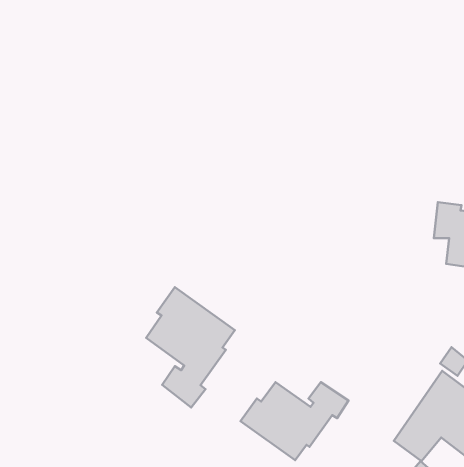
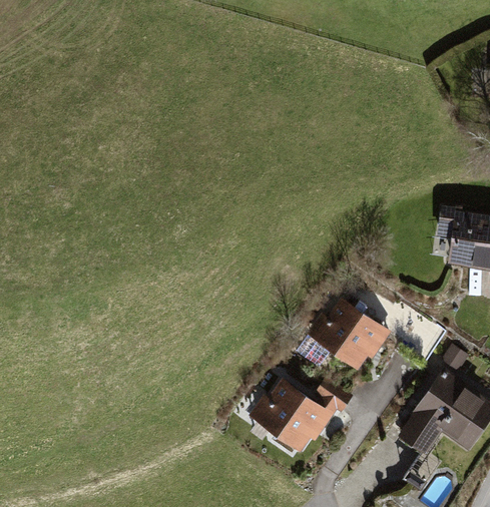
building: [146,287,235,407] -> none
building: none -> [307,298,392,372]

